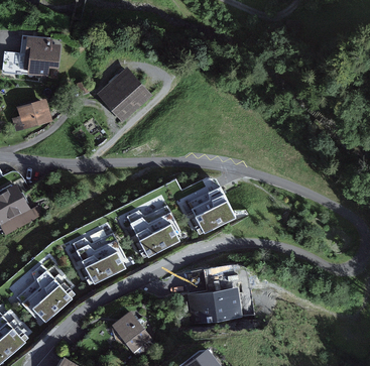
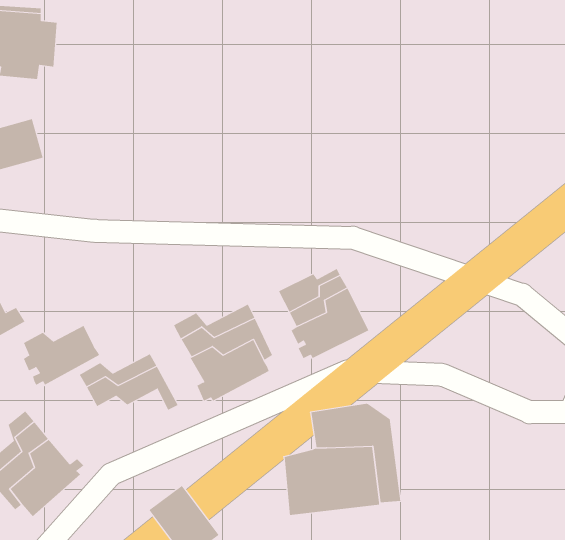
building: [96,67,152,122] -> none
building: [82,252,125,286] -> [23,325,100,386]

